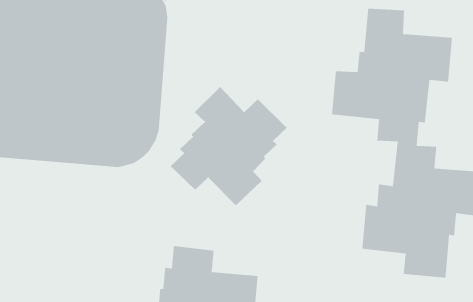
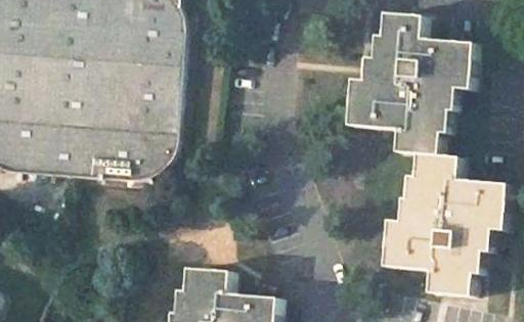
building: [170,86,288,206] -> none

